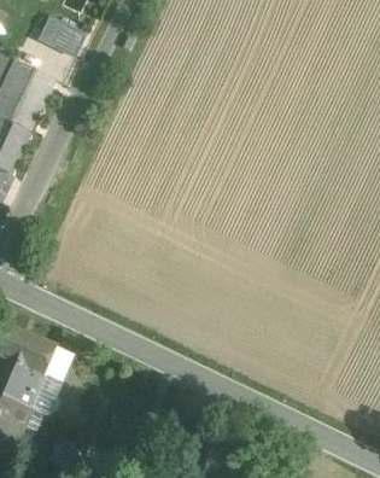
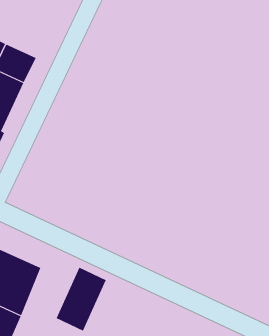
building: [35,13,86,56] -> none
building: none -> [56,267,106,331]

